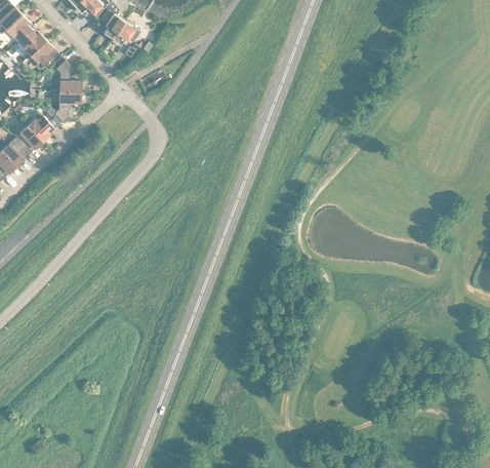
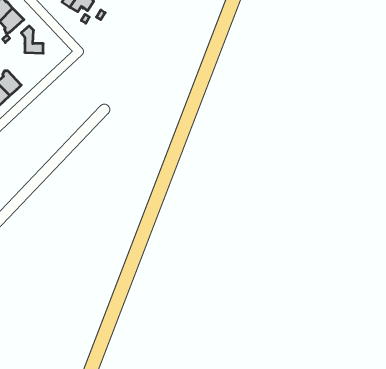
building: [54,91,81,122] -> none

